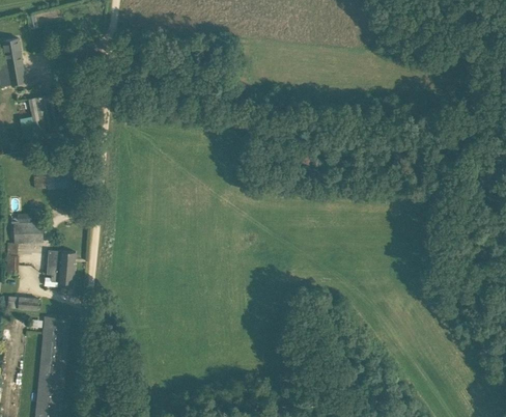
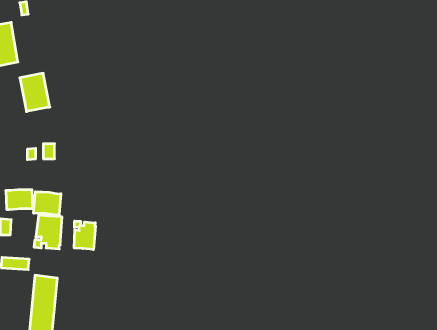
building: none -> [34,192,61,215]
building: none -> [74,221,96,250]

